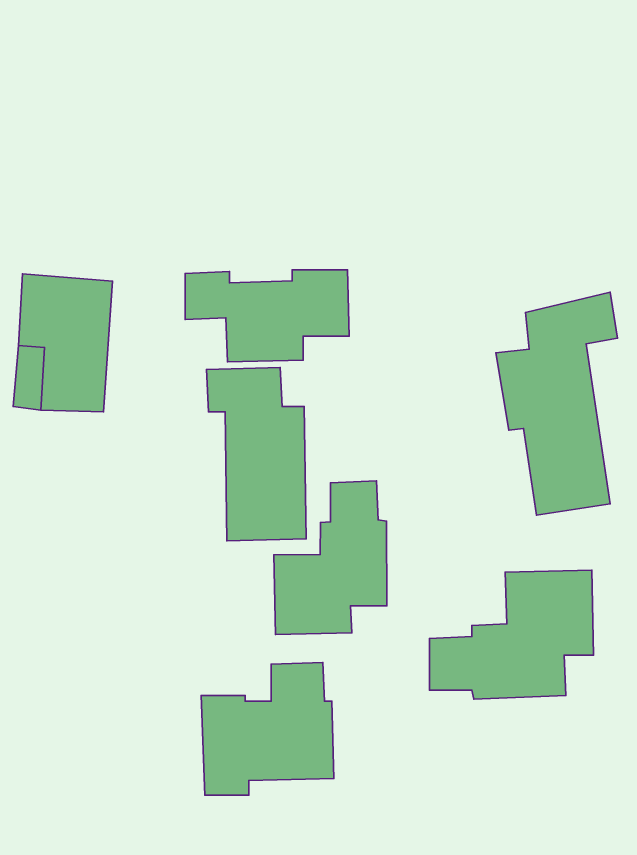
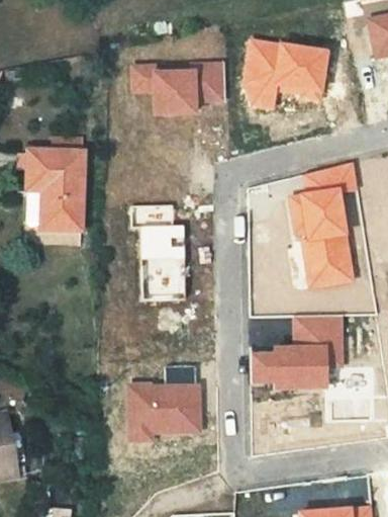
building: none -> [245,39,327,107]
building: [185,270,349,362] -> [132,64,222,114]
building: [274,481,387,635] -> none

